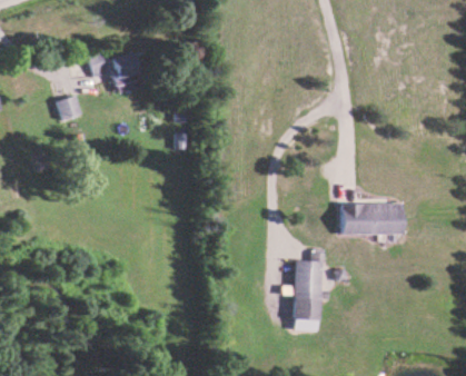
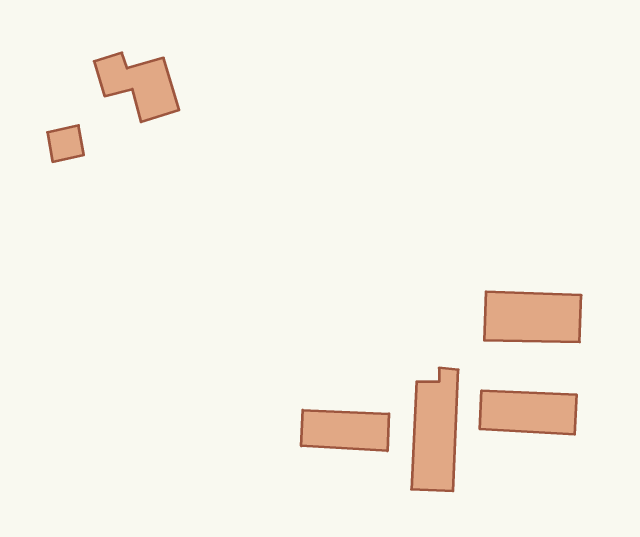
building: none -> [480,391,576,434]
building: none -> [301,410,389,451]

